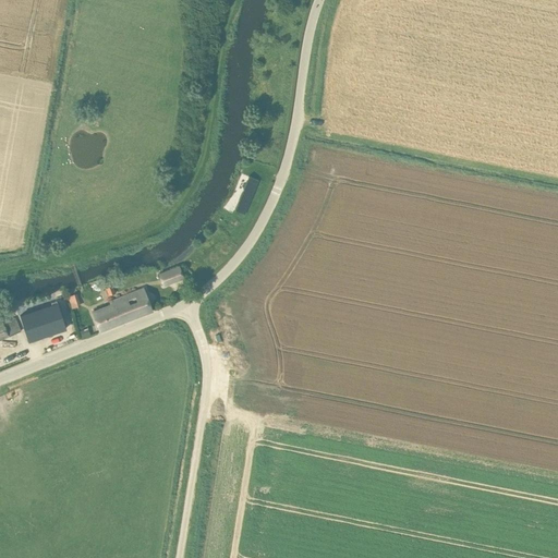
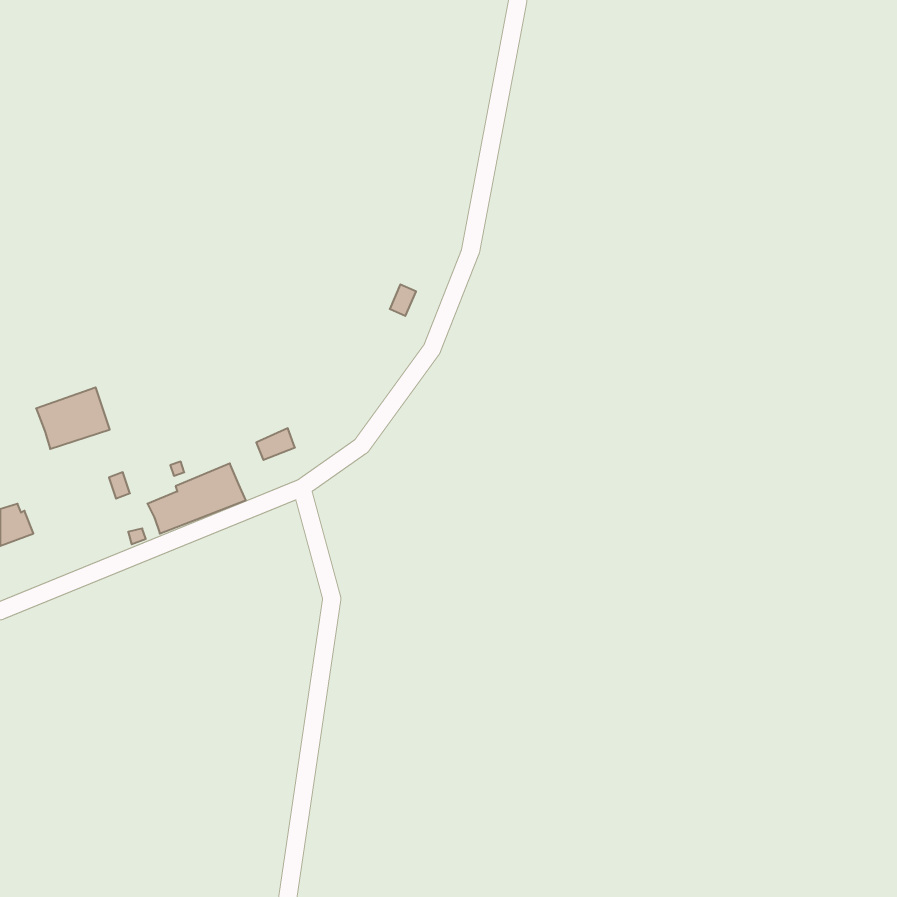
building: [20,303,65,341] -> [36,387,110,449]

